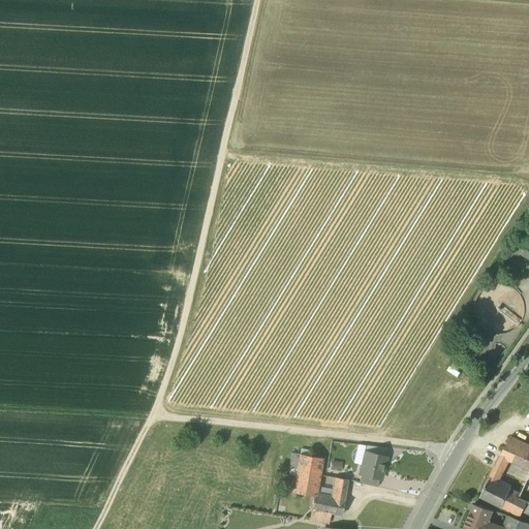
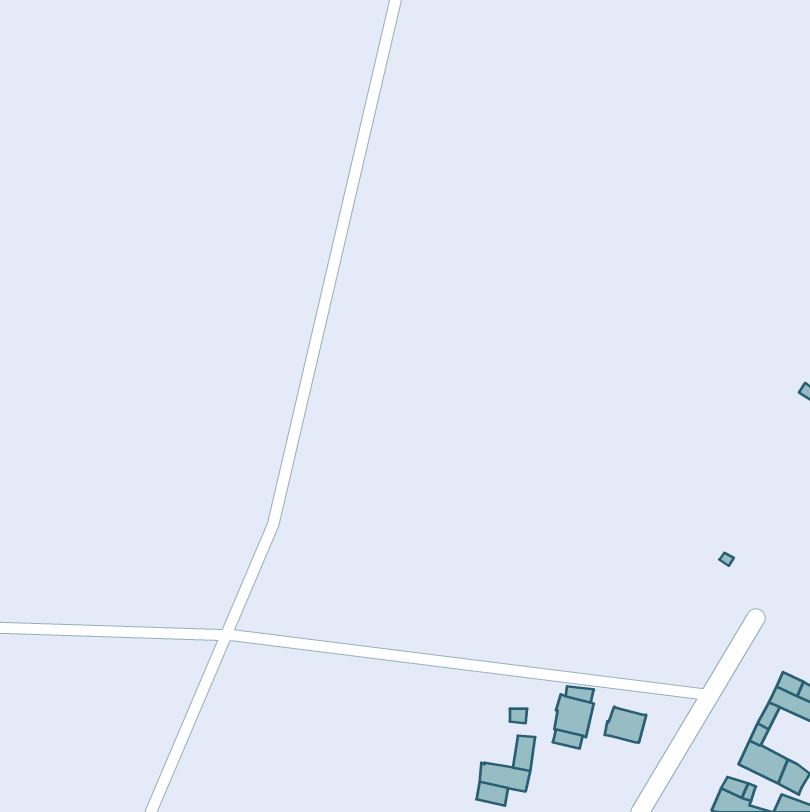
building: [293,455,322,497] -> none
building: none -> [605,707,646,743]

